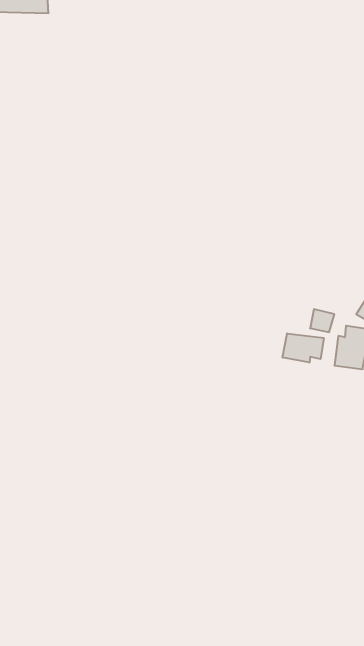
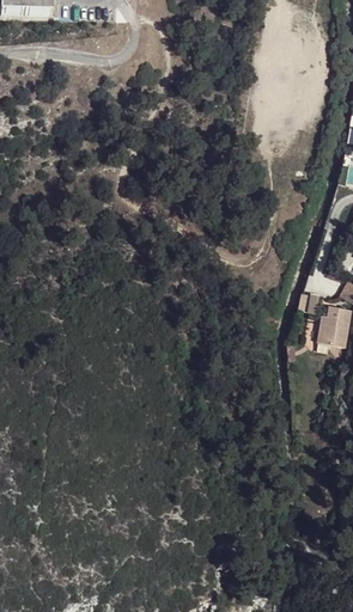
building: [283,333,324,363] -> none

